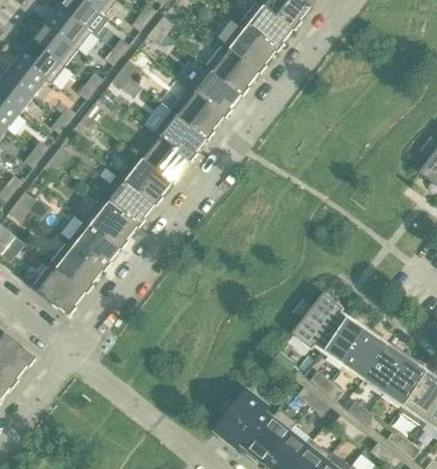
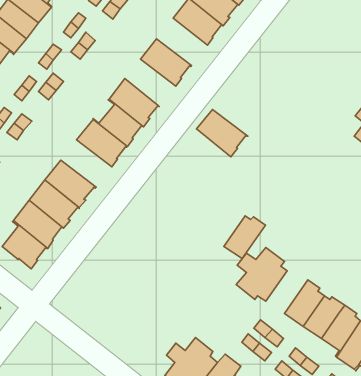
building: [204,44,259,95] -> none
building: [170,88,225,140] -> [197,109,248,157]
building: [100,176,156,227] -> none
building: [322,317,368,364] -> [224,216,265,258]

